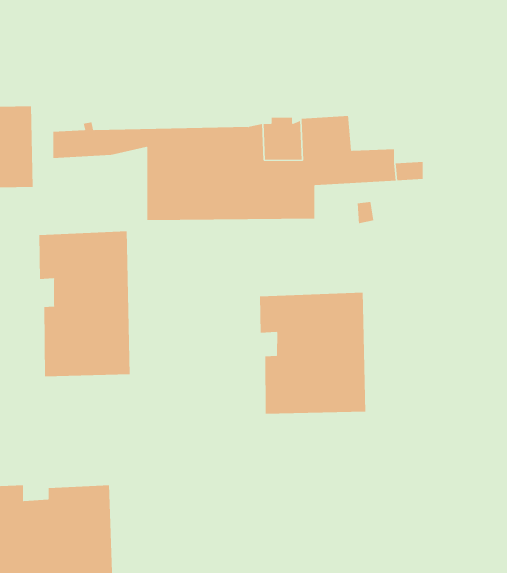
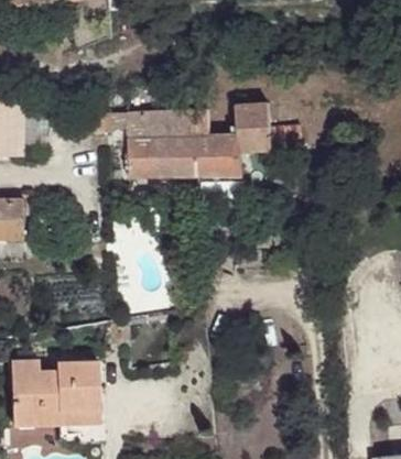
building: [39,231,130,377] -> none
building: [260,292,366,415] -> none

